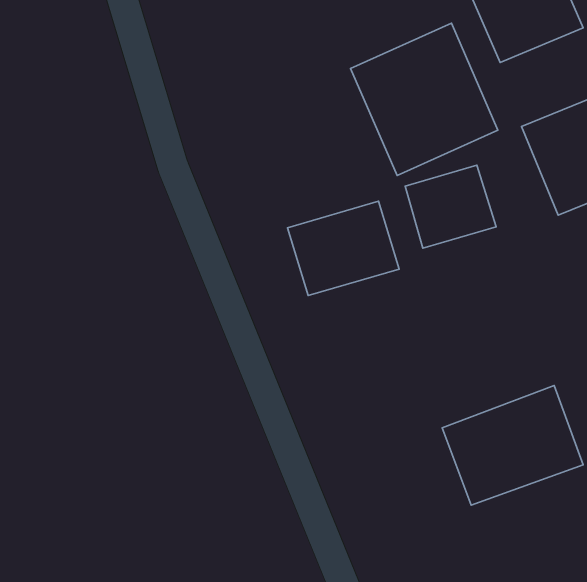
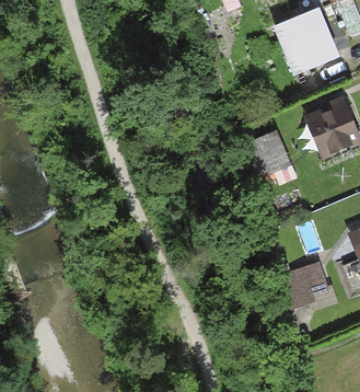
building: [351,23,498,175] -> none
building: [287,201,399,296] -> none

